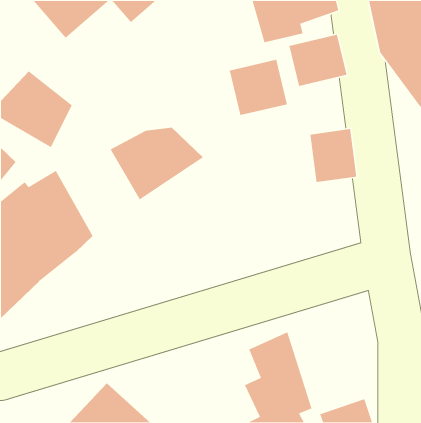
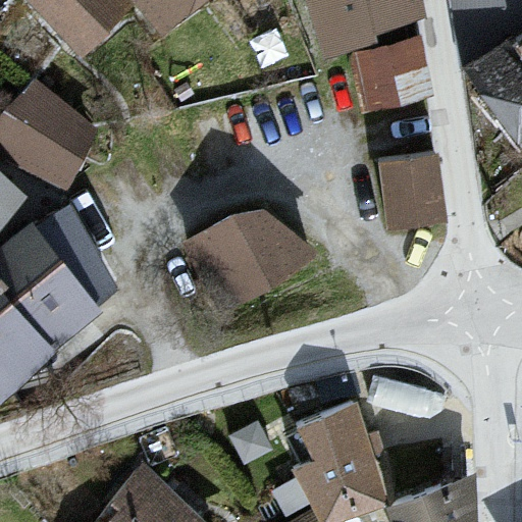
building: [229,59,288,116] -> none
building: [110,127,204,201] -> [192,217,308,308]

